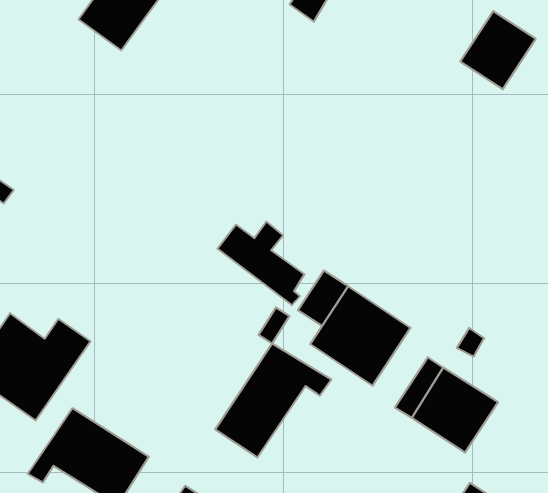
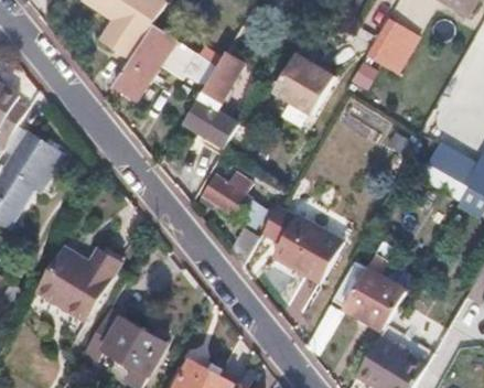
building: none -> [112,29,212,100]
building: none -> [273,50,334,117]
building: none -> [184,55,245,154]
building: [215,344,331,458] -> none

